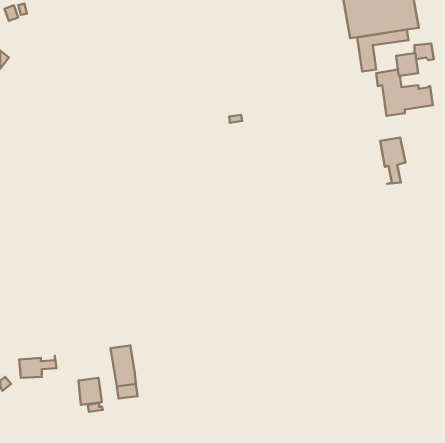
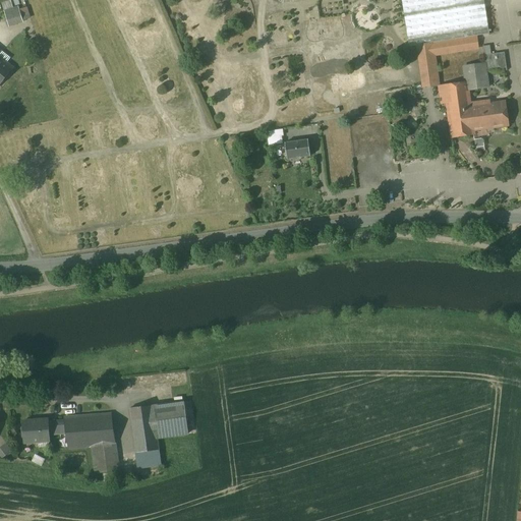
building: none -> [285,138,310,158]
building: [380,138,406,184] -> none
building: none -> [153,400,188,437]
building: none -> [64,411,115,447]

